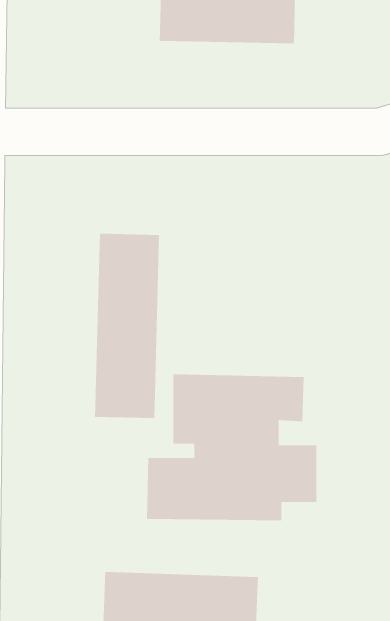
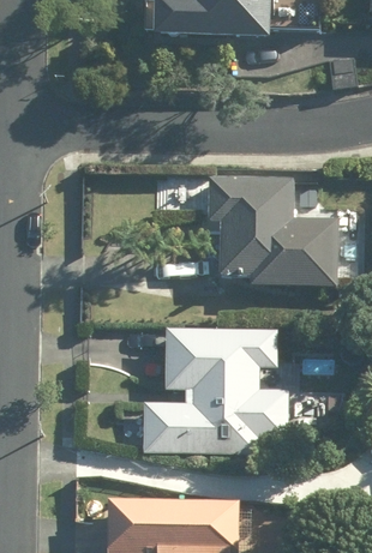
building: none -> [205,170,340,285]
building: [94,233,160,419] -> none

